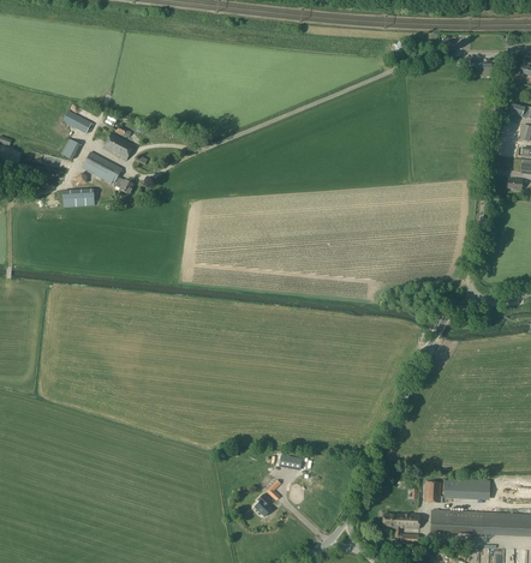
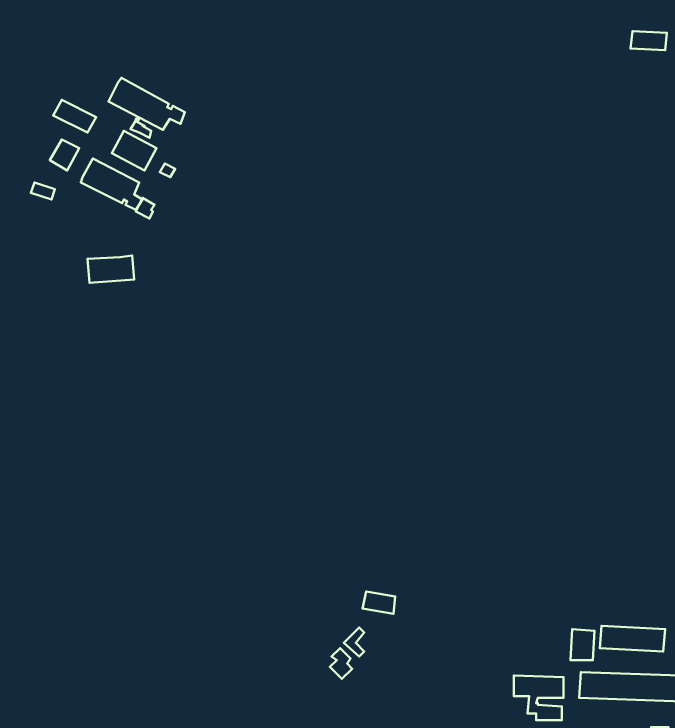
building: none -> [109,78,185,130]
building: [61,187,94,206] -> [88,255,134,283]

